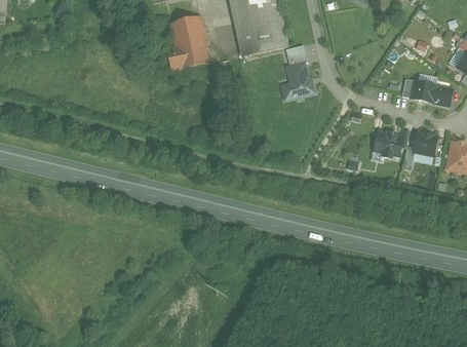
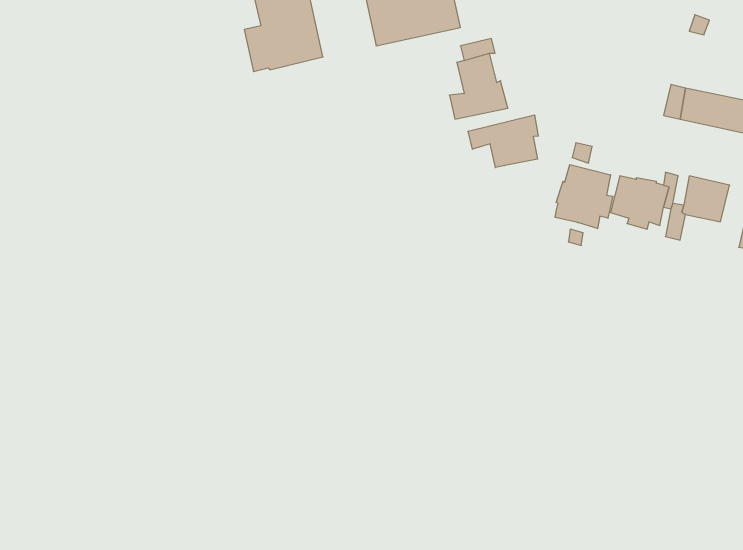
building: none -> [468,115,538,168]
building: none -> [555,165,613,229]

